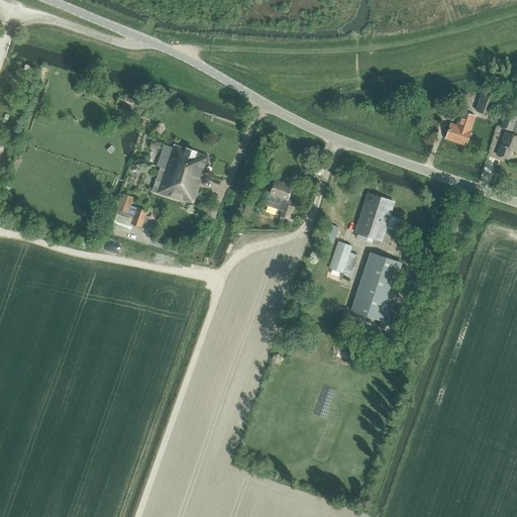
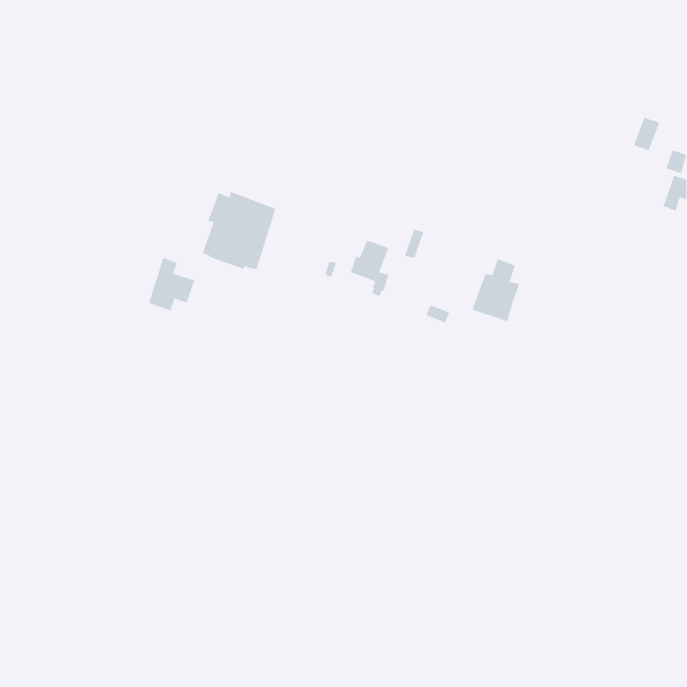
building: [444,110,475,144] -> none
building: [328,241,357,275] -> none
building: [350,252,400,323] -> none

